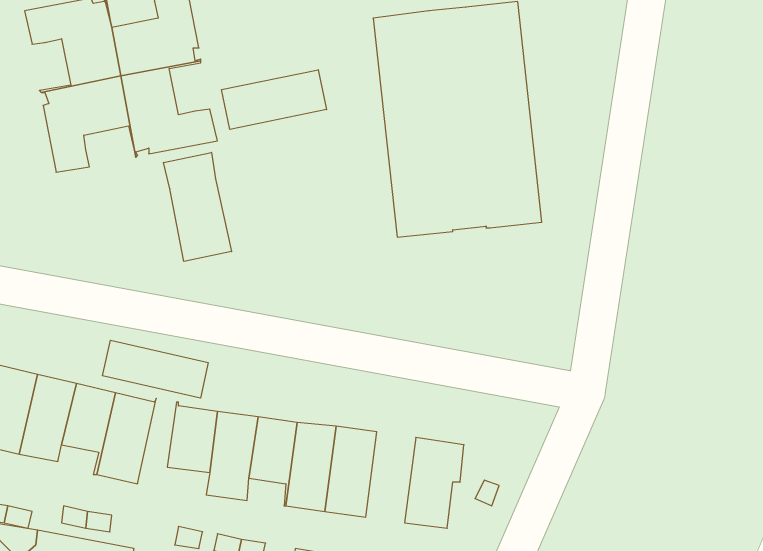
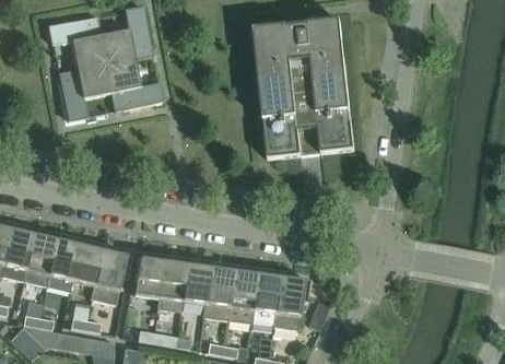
building: [222,70,327,129] -> none
building: [164,152,232,261] -> none
building: [103,340,208,398] -> none
building: none -> [250,273,280,327]

